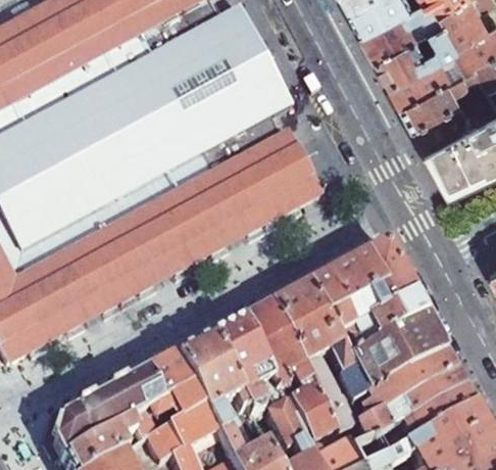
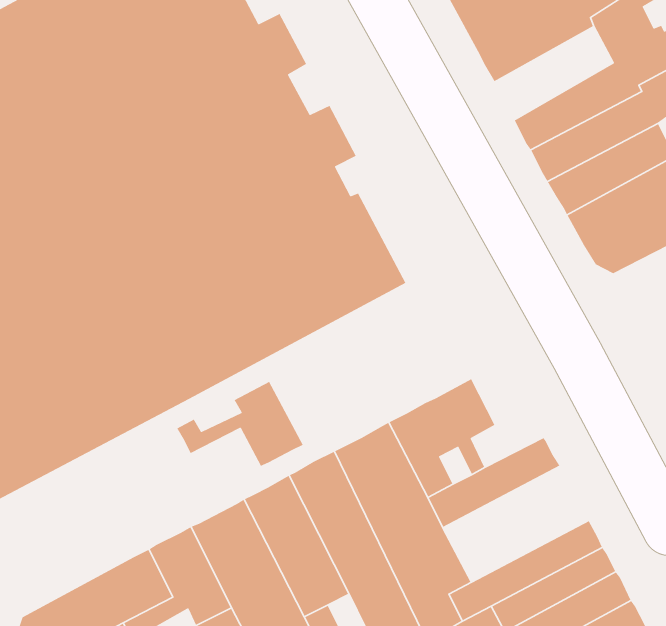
building: [379,18,459,82] -> none
building: [363,245,412,317] -> none
building: none -> [176,381,304,467]
building: [344,316,443,394] -> none

